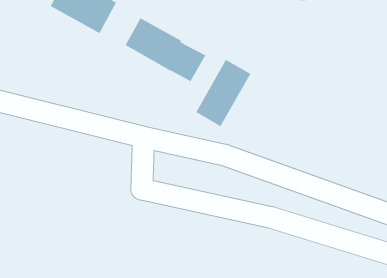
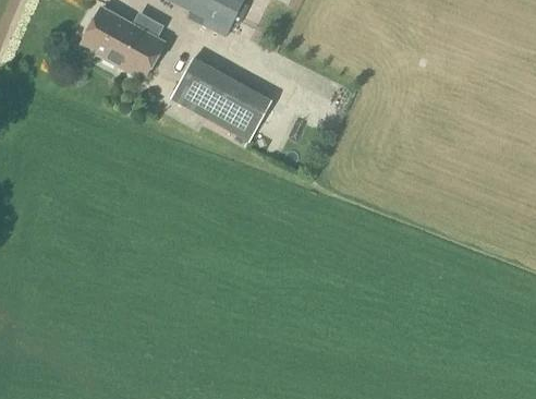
building: [195,59,251,127] -> none

